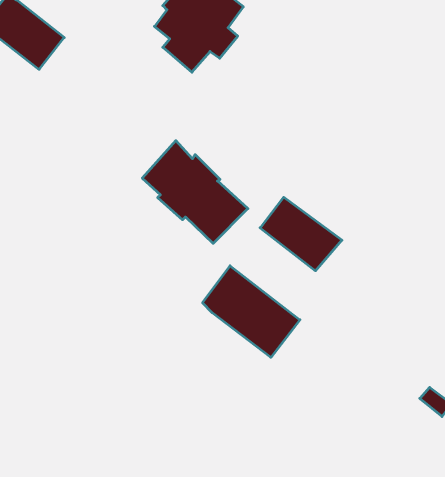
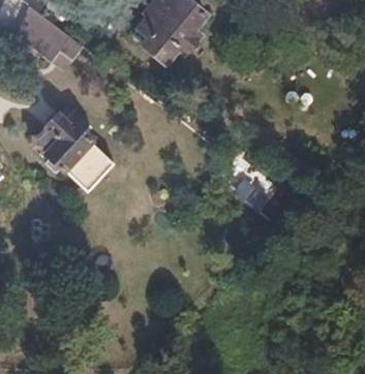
building: [142,141,248,243] -> [34,114,113,190]
building: [203,266,300,357] -> none

